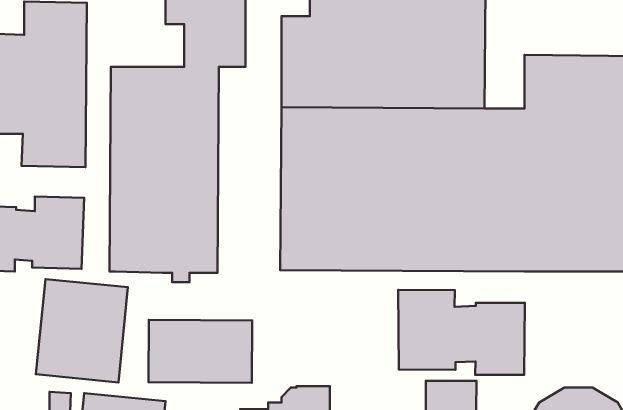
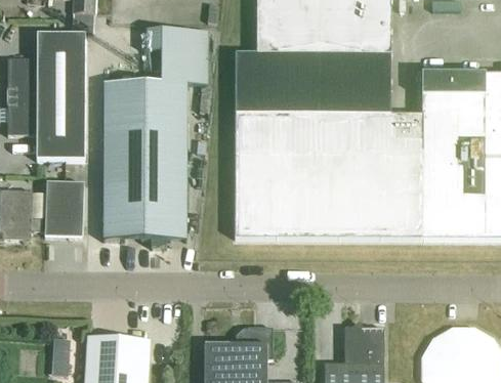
building: [36,279,128,382] -> none
building: [398,290,525,375] -> none
building: [148,320,252,383] -> none

